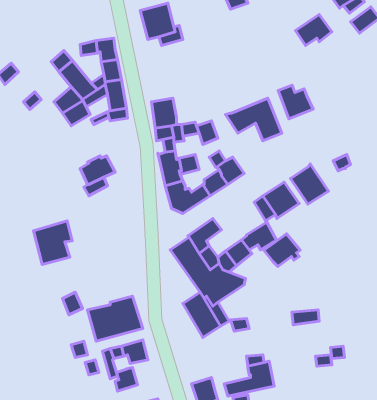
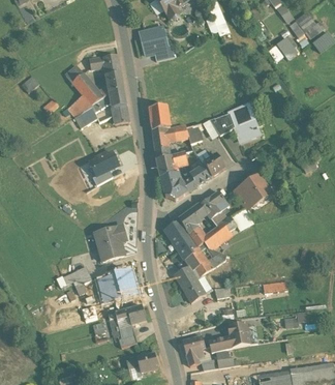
building: [278,85,313,119] -> none
building: [291,164,329,204] -> none
building: [33,221,72,265] -> [94,226,126,262]
building: [264,234,300,266] -> [199,191,229,218]

